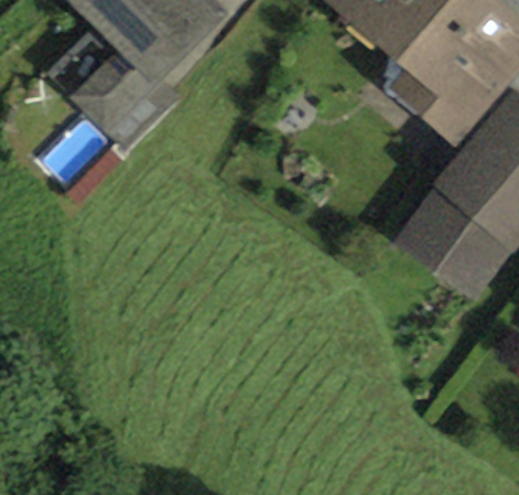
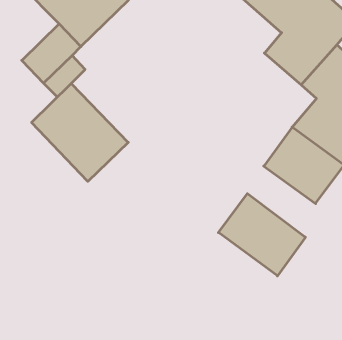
building: none -> [32,84,128,181]
building: none -> [218,194,305,276]

